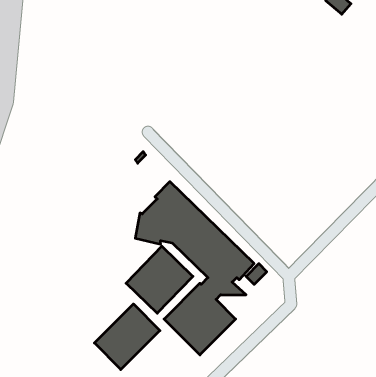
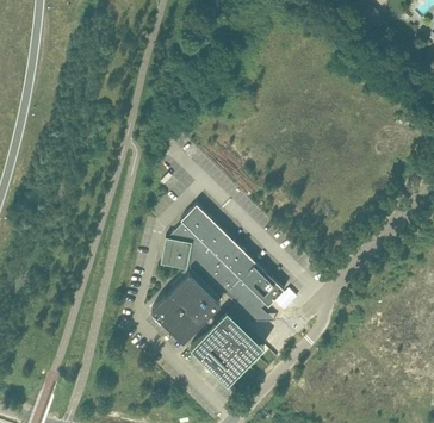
building: [94,304,160,370] -> none

